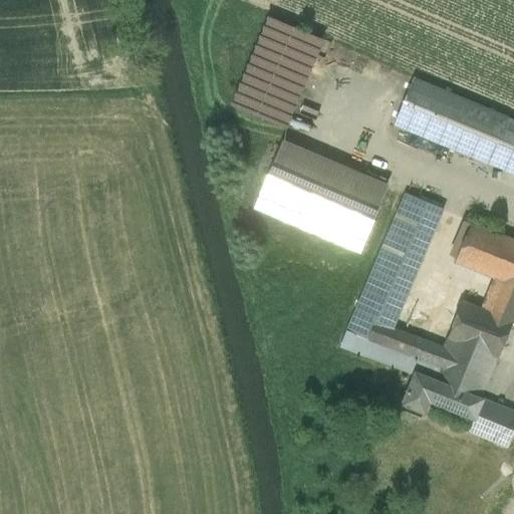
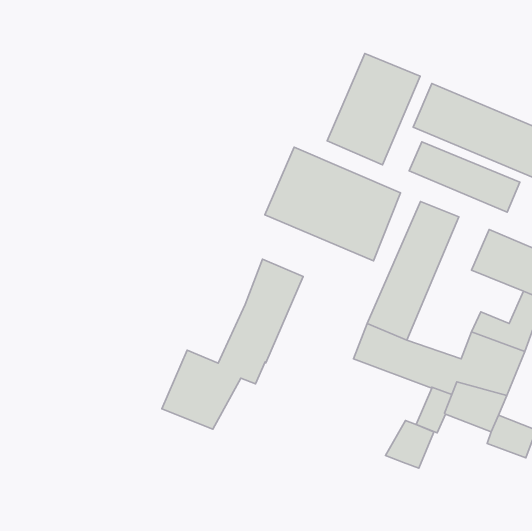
building: [233,18,322,125] -> [327,53,420,165]
building: none -> [409,142,520,212]
building: none -> [162,259,303,429]
building: none -> [385,420,433,468]

